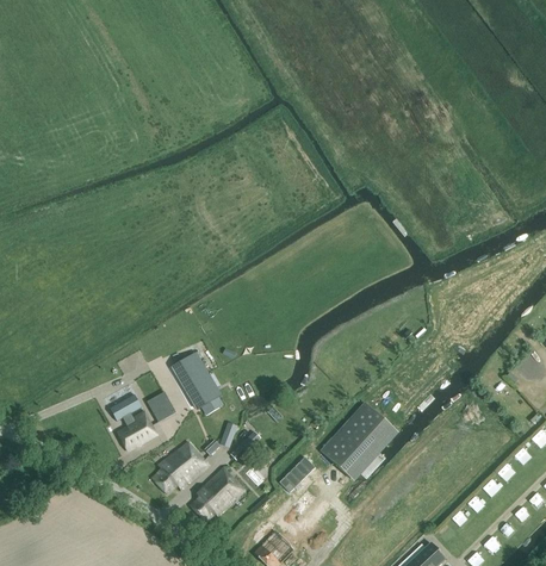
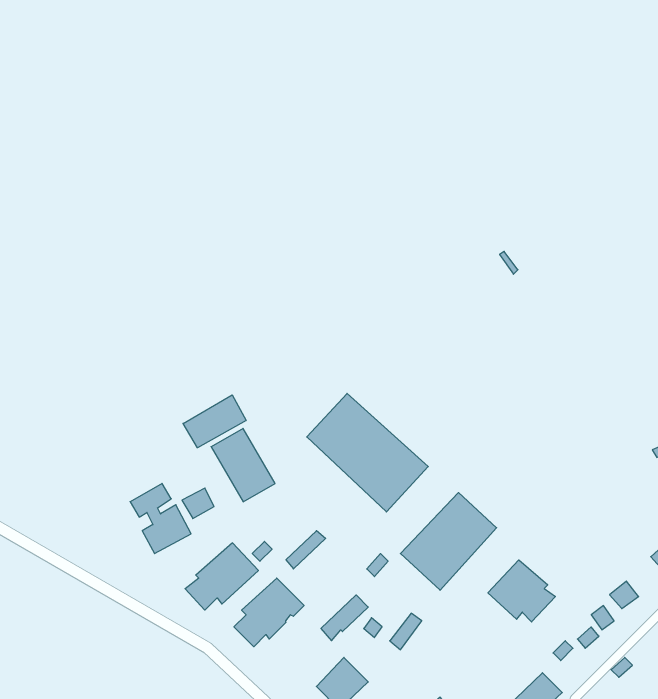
building: none -> [307,393,428,512]
building: none -> [183,395,246,448]
building: none -> [488,560,555,622]

